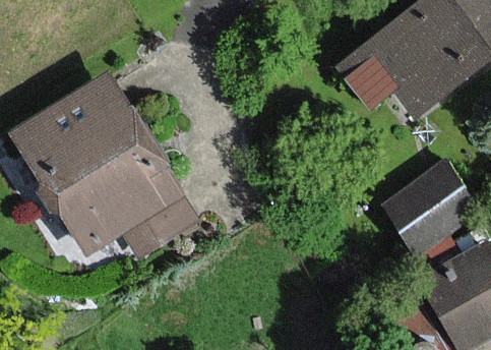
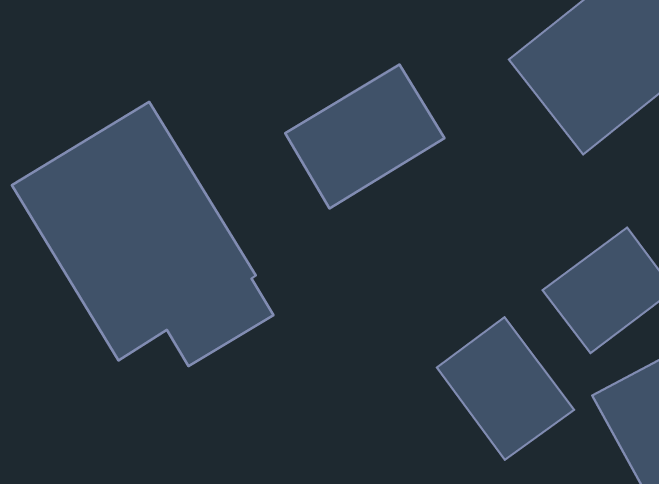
building: none -> [285,64,445,209]
building: none -> [437,317,574,460]

